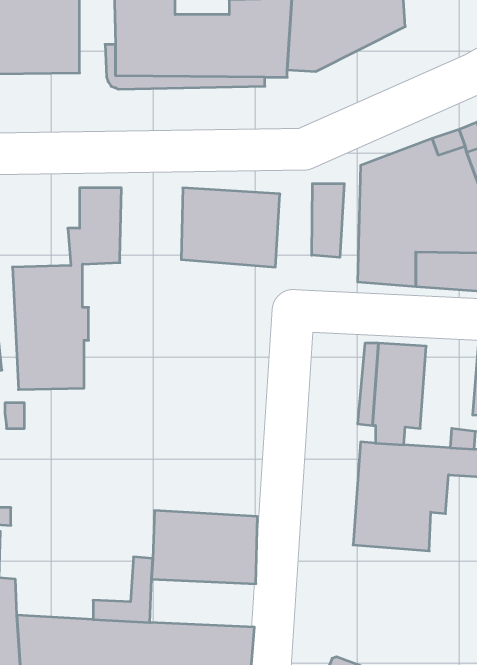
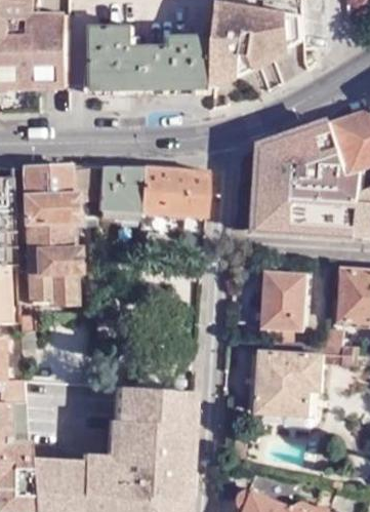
building: [312,184,344,257] -> none
building: none -> [19,164,68,219]
building: none -> [95,164,138,213]
building: none -> [116,433,189,466]

